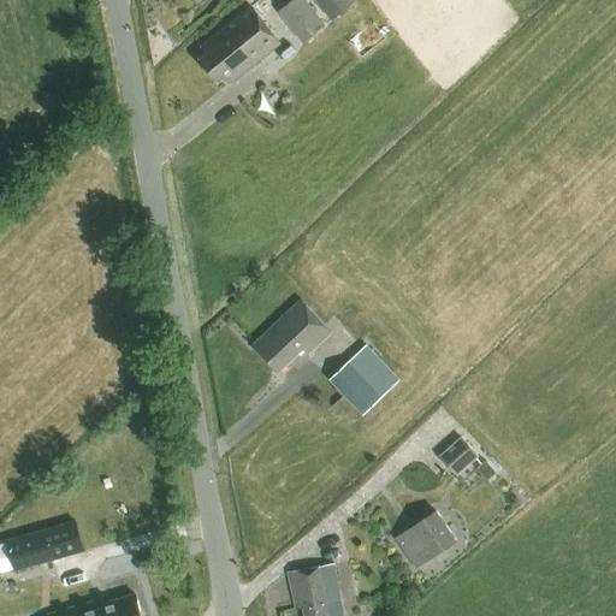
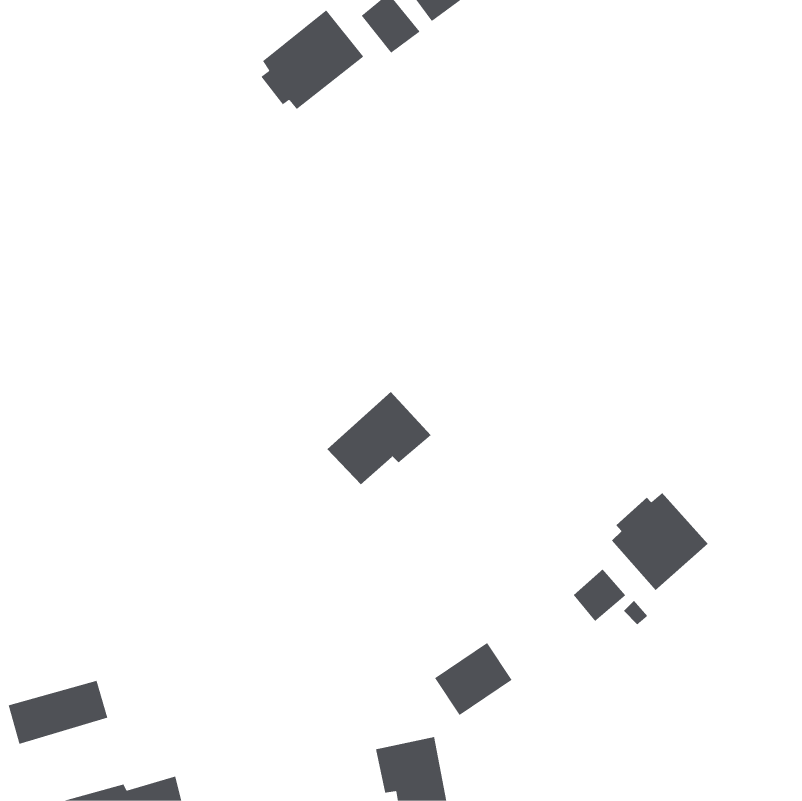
building: [327,344,399,416] -> none
building: none -> [611,492,709,591]
building: [396,511,456,568] -> [434,642,512,716]

